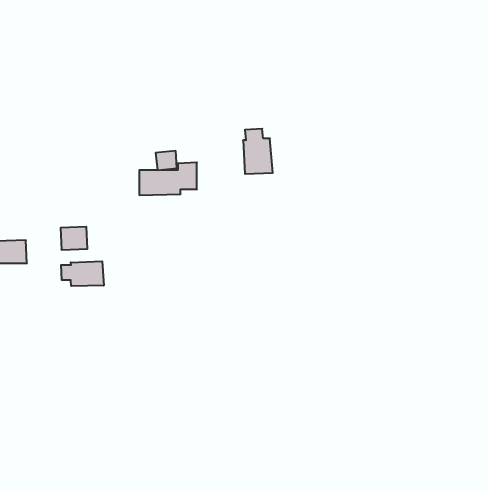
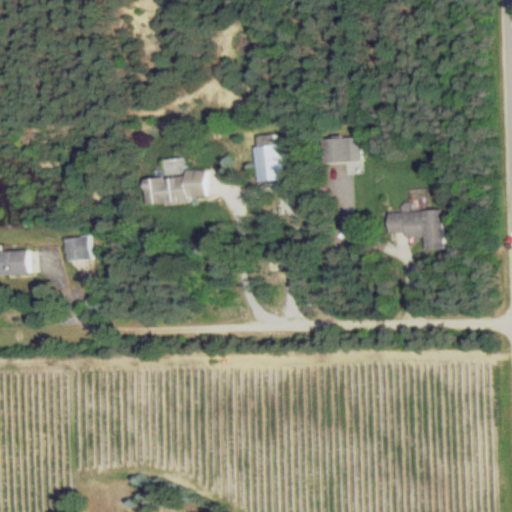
building: none -> [320,137,358,162]
building: none -> [384,210,441,250]
building: [61,261,104,286] -> none

